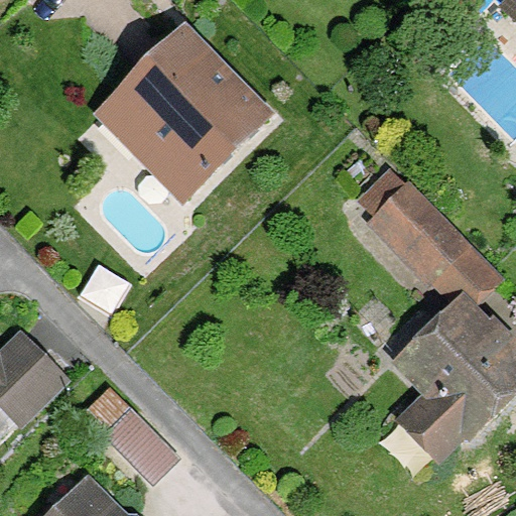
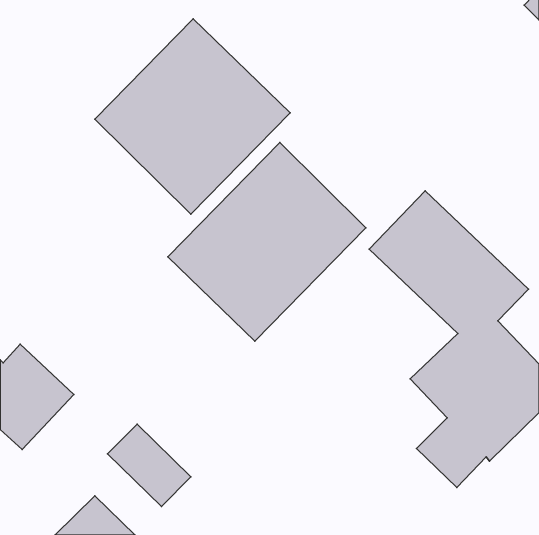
building: none -> [168,142,366,341]

